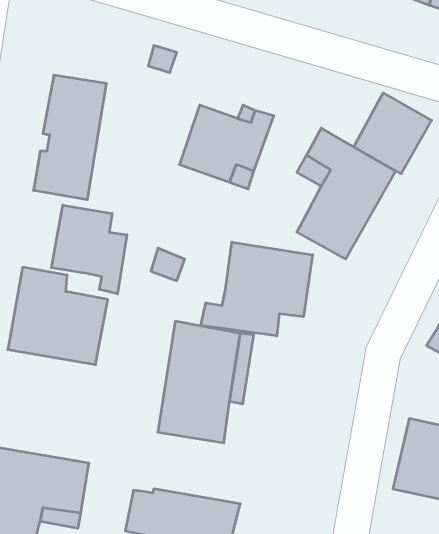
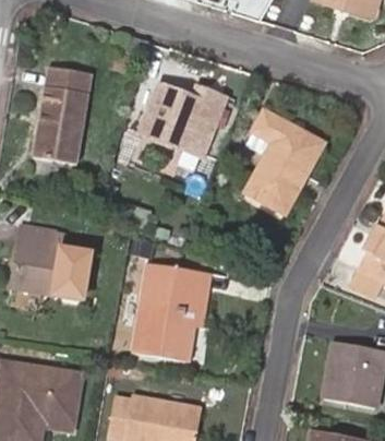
building: [354,93,432,174] -> none
building: [51,205,127,294] -> none
building: [201,242,313,336] -> none

